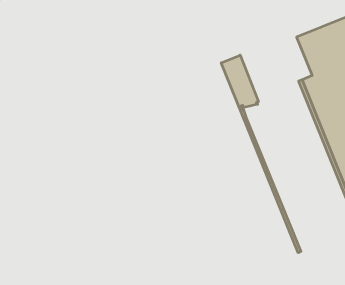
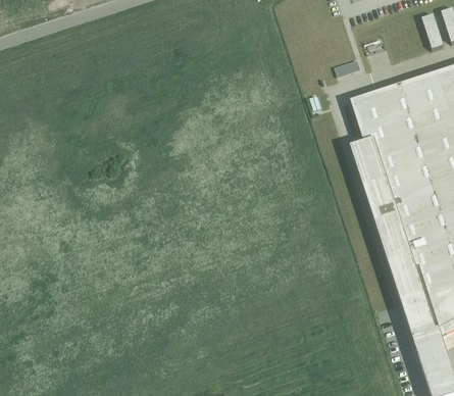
building: [221,55,301,253] -> none

